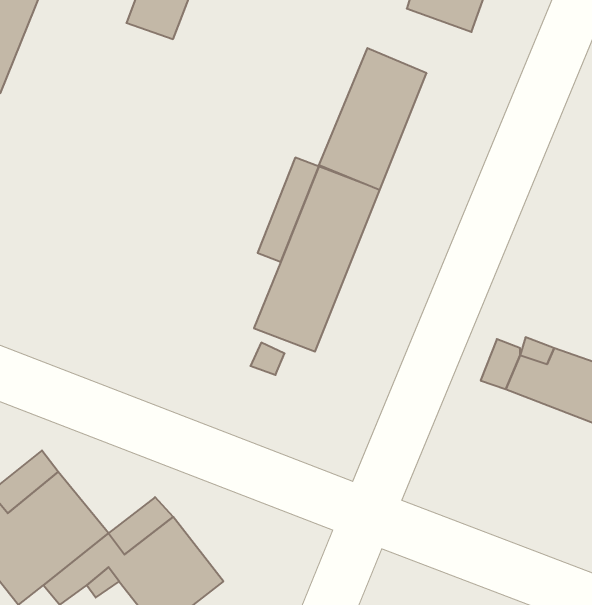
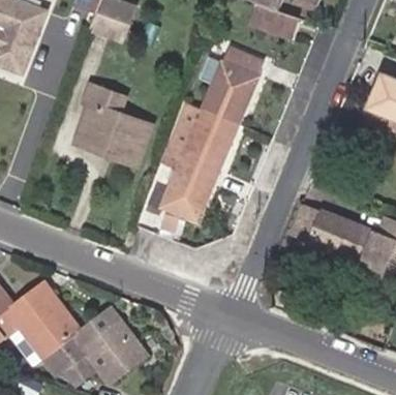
building: none -> [77,86,154,166]

